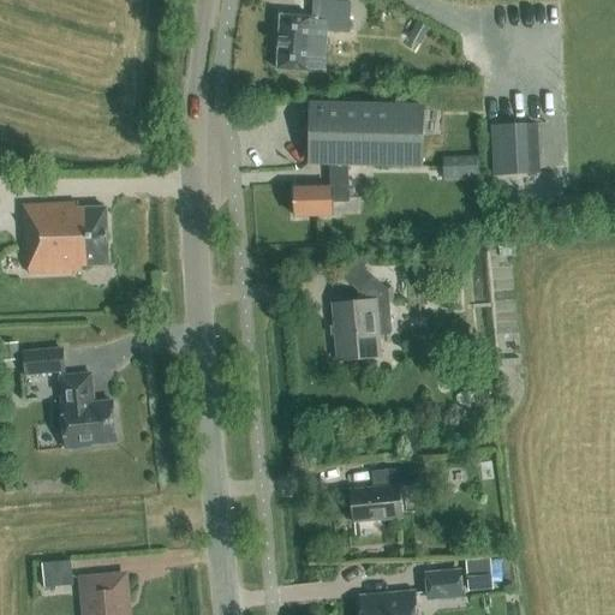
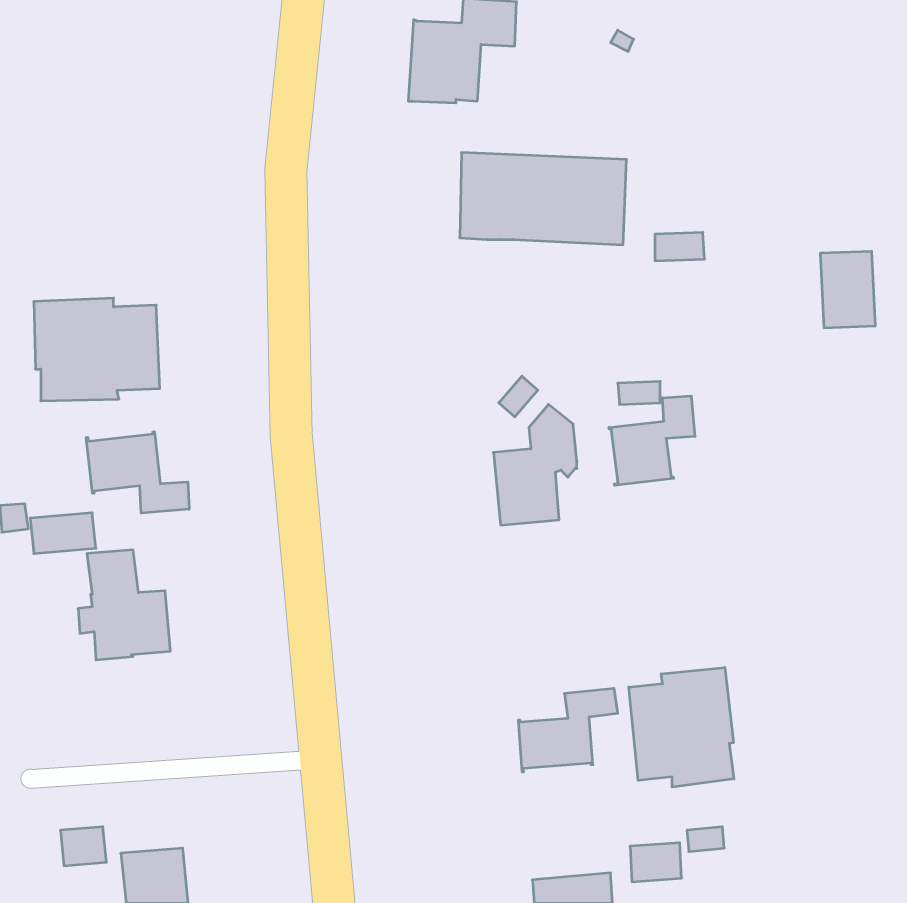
building: [491,123,529,174] -> [820,251,875,328]
building: [293,162,348,215] -> none
building: none -> [609,396,695,485]
building: none -> [86,432,189,513]
building: none -> [629,667,734,787]

